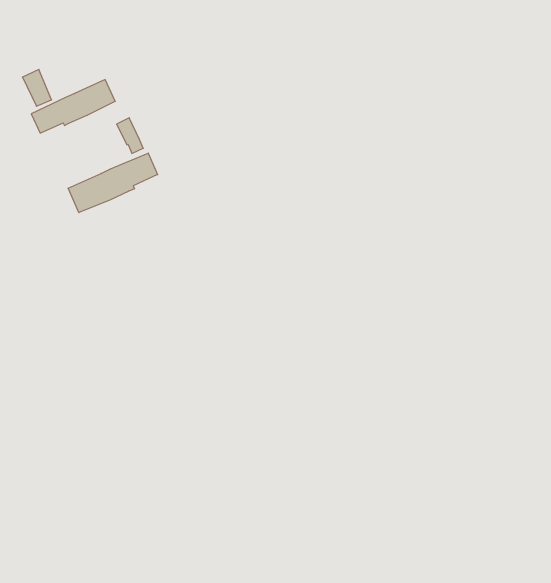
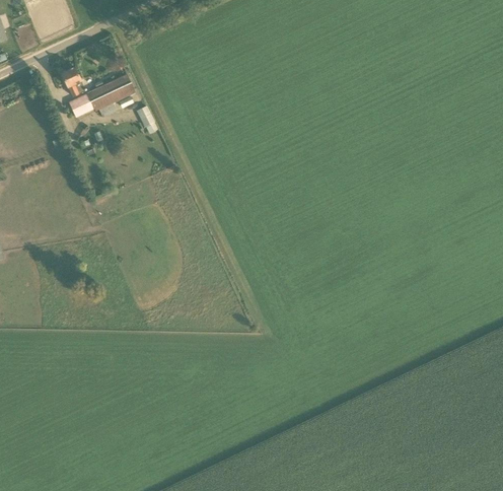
building: [68,153,158,213] -> none

